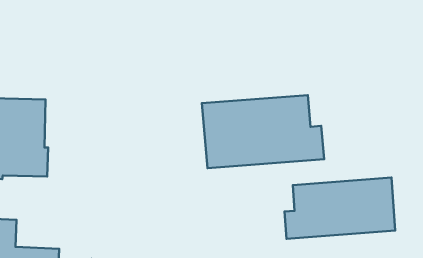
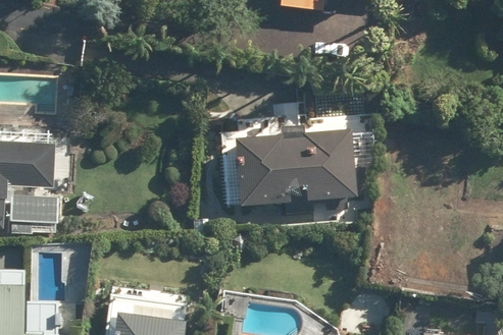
building: [284,178,395,239] -> none

